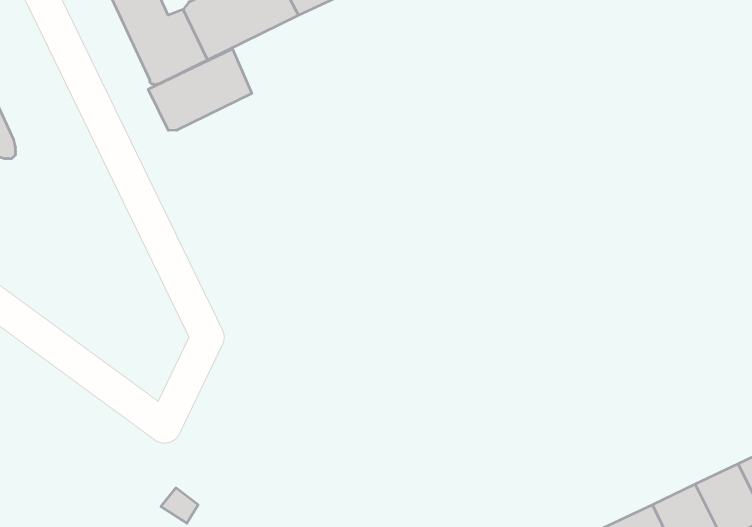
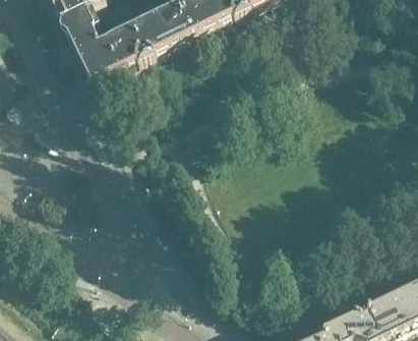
building: [148,49,252,130] -> none

